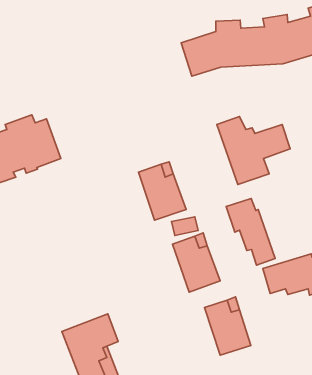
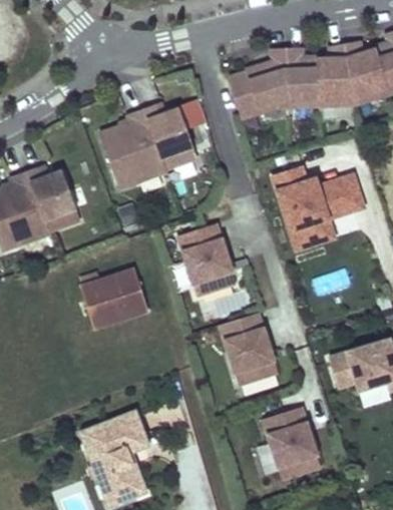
building: none -> [99,102,197,187]
building: none -> [80,268,151,330]
building: [226,198,275,265] -> none

